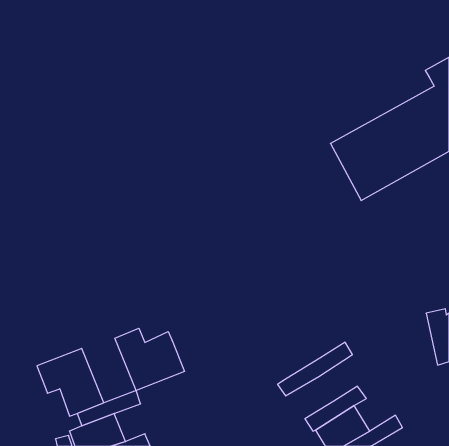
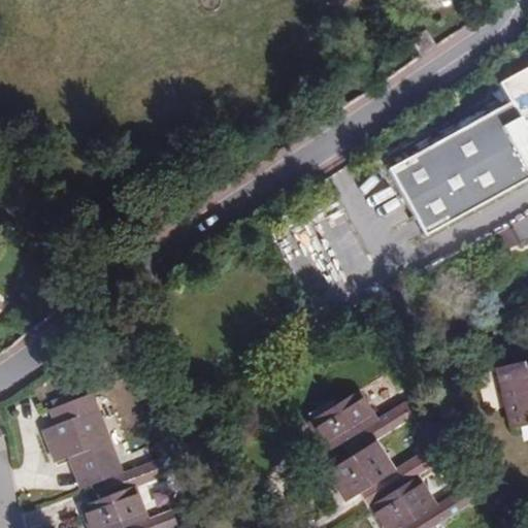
building: [115,328,184,391] -> none
building: none -> [314,390,375,447]
building: none -> [326,441,392,499]

